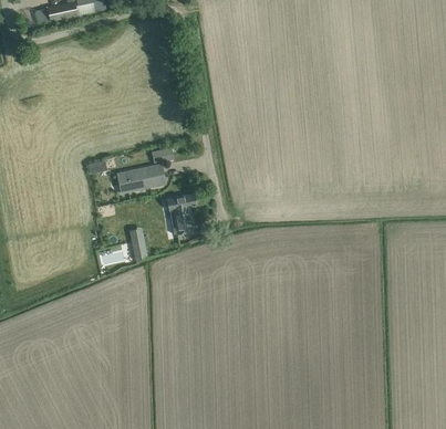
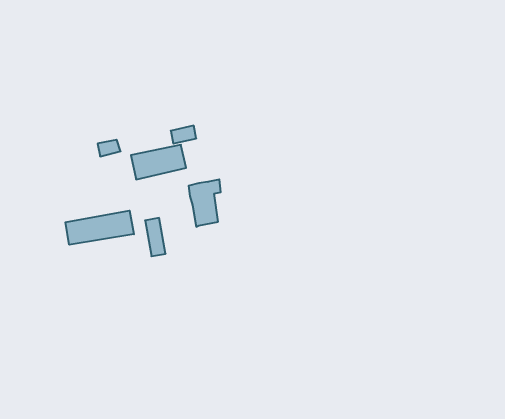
building: none -> [65,211,134,245]

